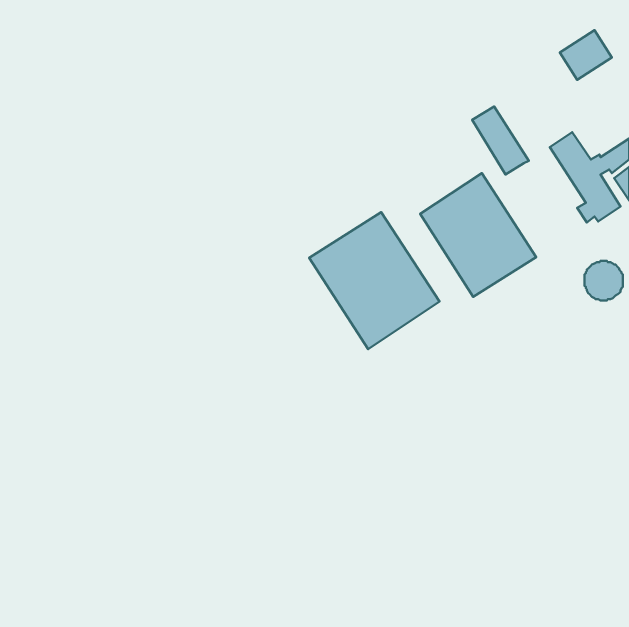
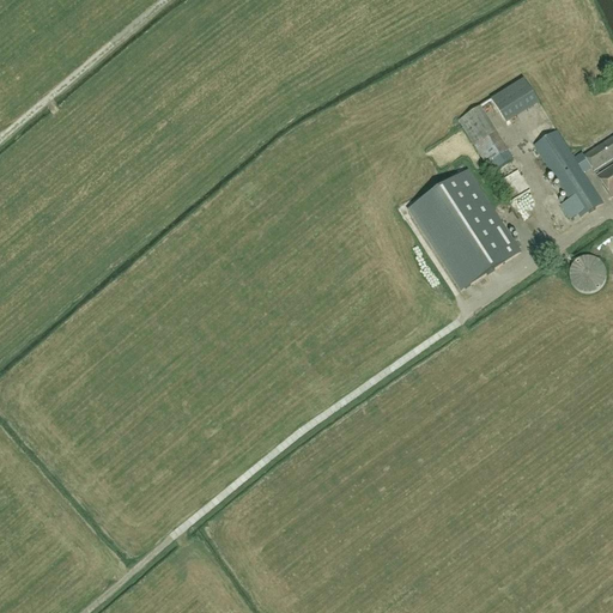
building: [560,30,612,80] -> [488,78,539,126]
building: [309,212,439,349] -> none

